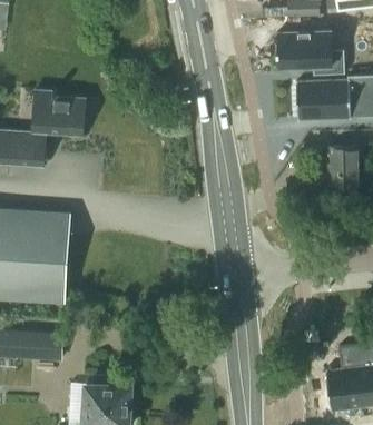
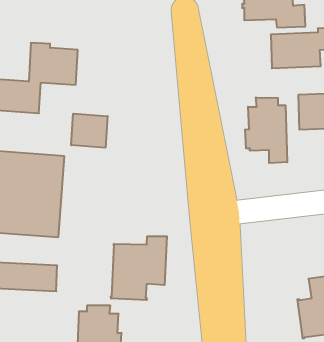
building: none -> [245,97,287,163]
building: none -> [71,114,108,148]
building: none -> [111,236,167,300]

